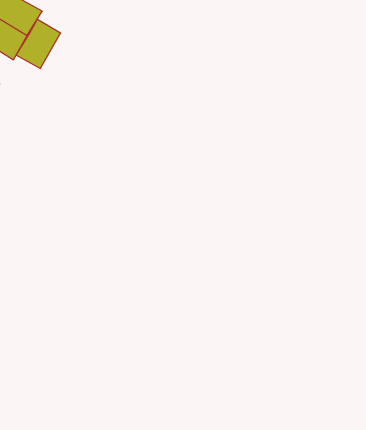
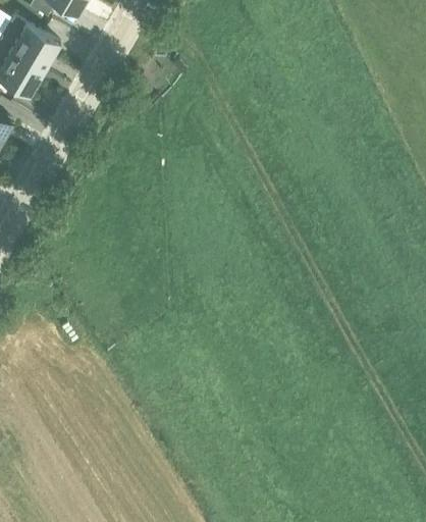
building: [16,19,61,69] -> none

